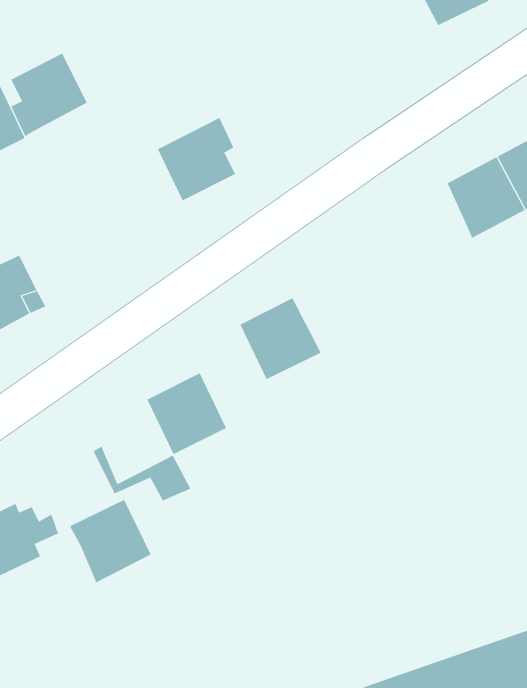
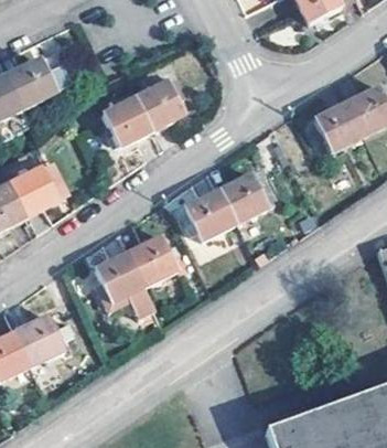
building: none -> [101,98,150,147]
building: none -> [218,174,277,224]
building: [69,499,151,583] -> [94,253,144,305]

